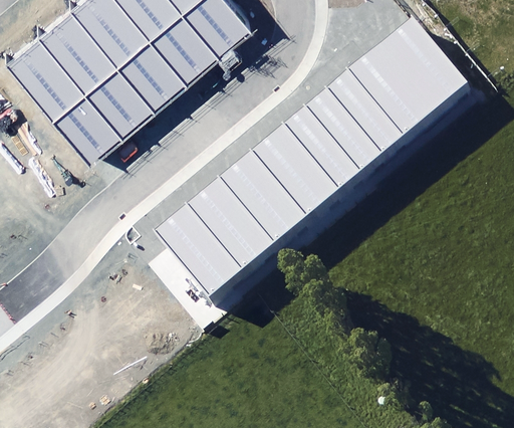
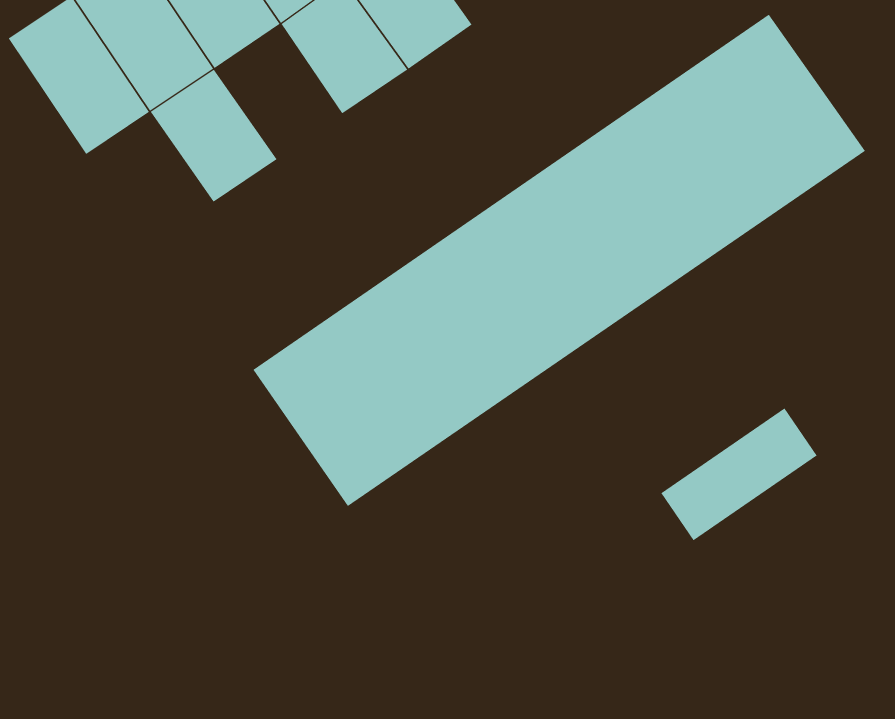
building: [118,43,189,116] -> none
building: [54,96,124,168] -> none
building: none -> [660,408,817,541]

